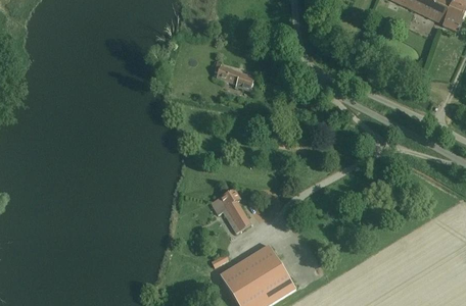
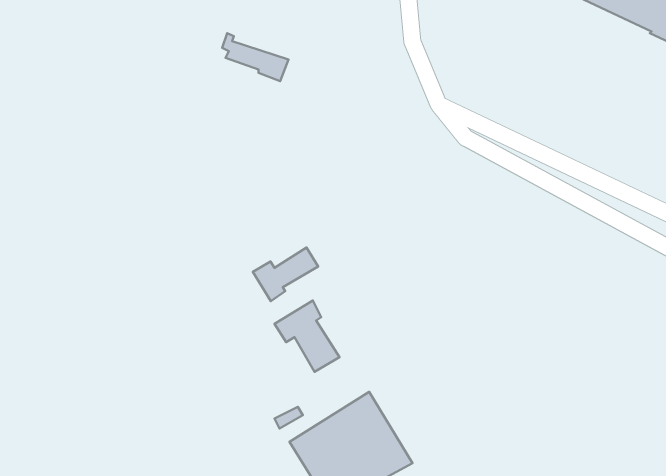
building: [214,61,254,91] -> [222,33,289,81]
building: none -> [253,247,318,301]

